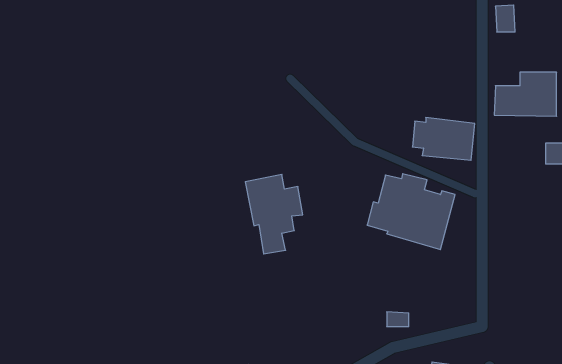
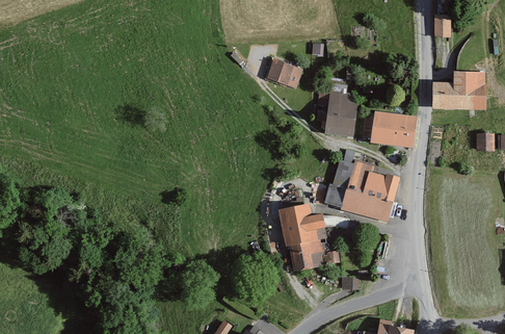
building: none -> [267,59,294,86]
building: none -> [325,91,356,137]
building: [245,174,303,254] -> [278,204,327,272]

